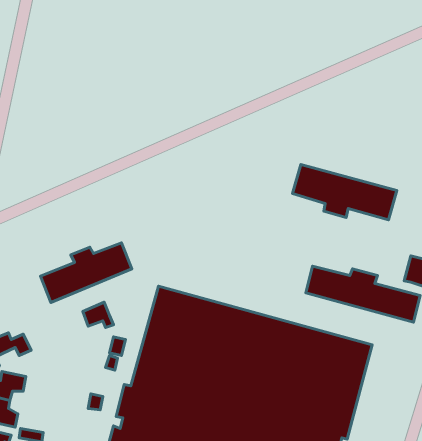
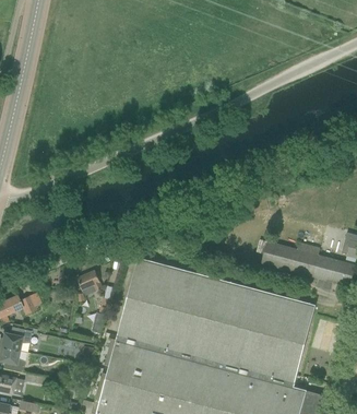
building: [293,165,397,220] -> none
building: [40,243,132,302] -> none

